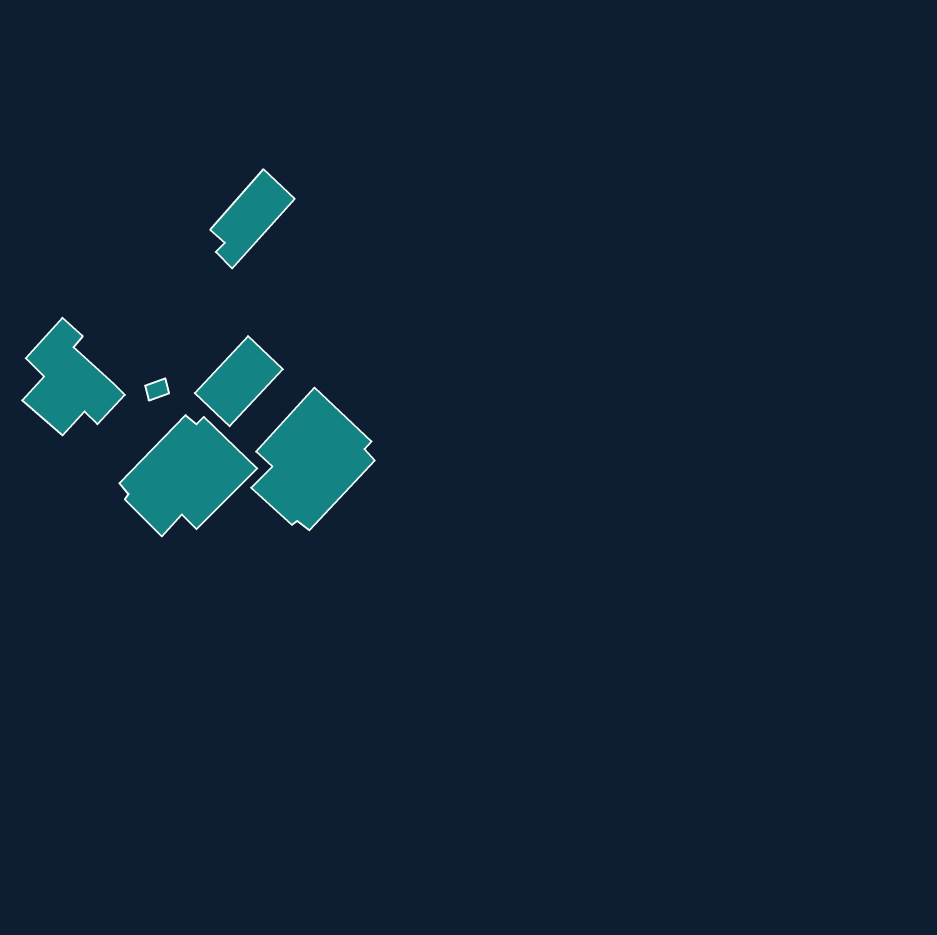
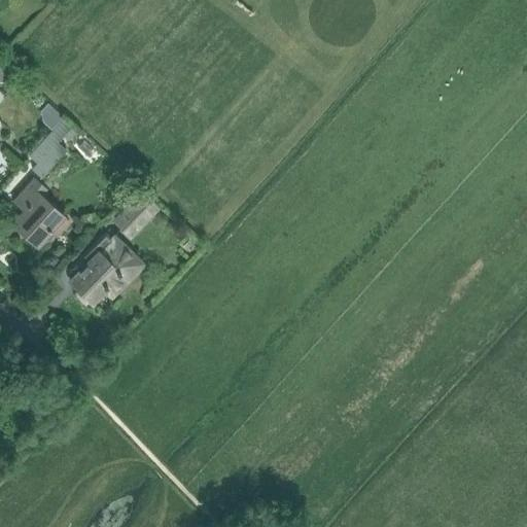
building: [210,169,295,268] -> [27,124,74,179]
building: [251,388,375,530] -> none

